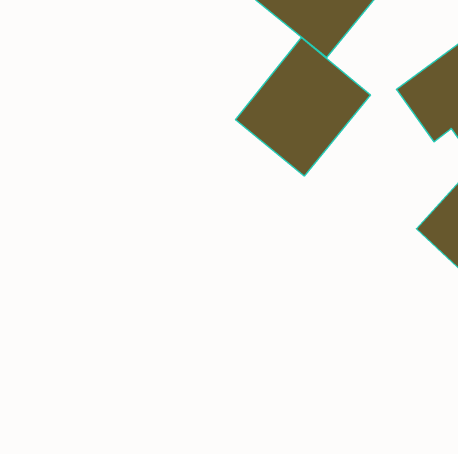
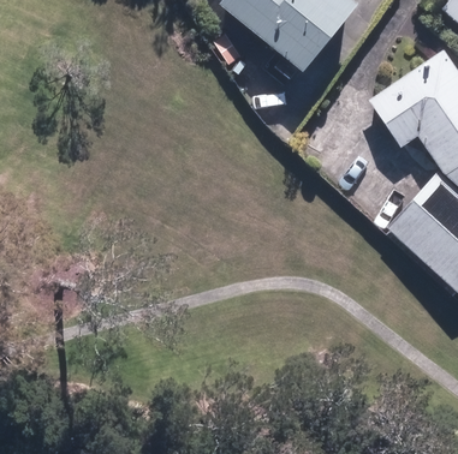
building: [236,37,370,176] -> none

